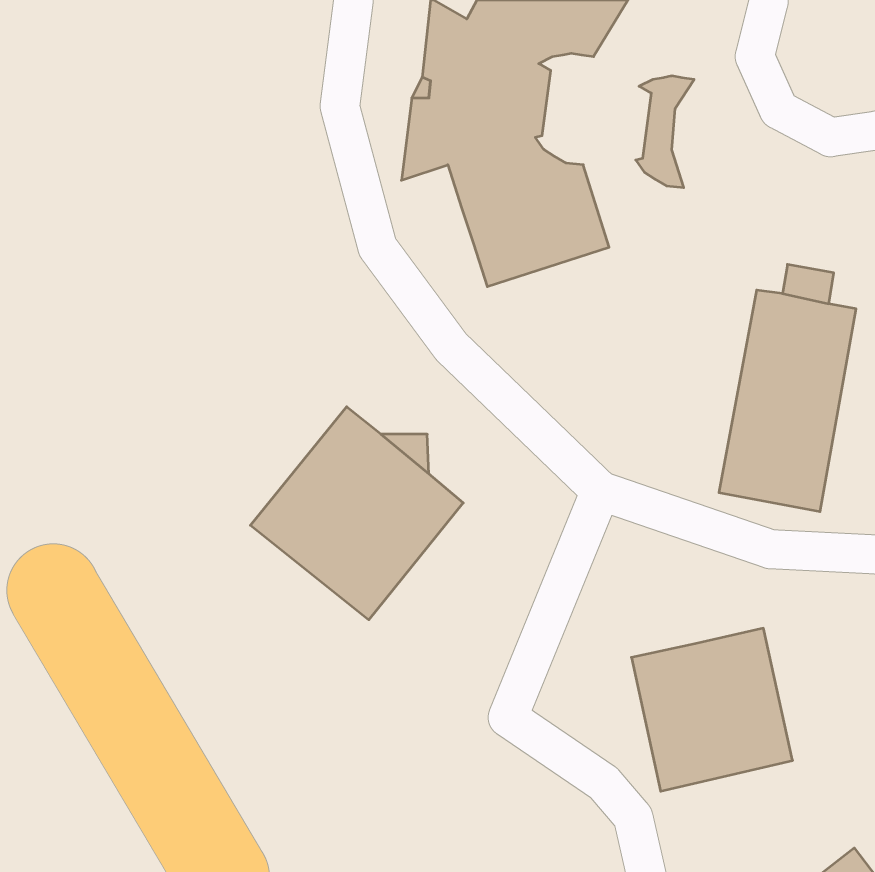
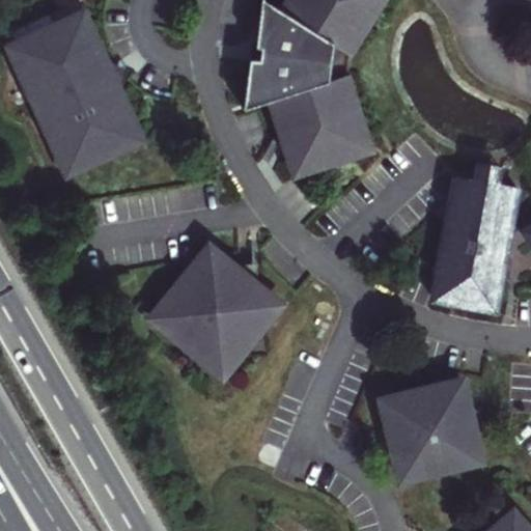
building: none -> [12,18,140,173]
building: [636,76,694,188] -> [325,35,360,103]

